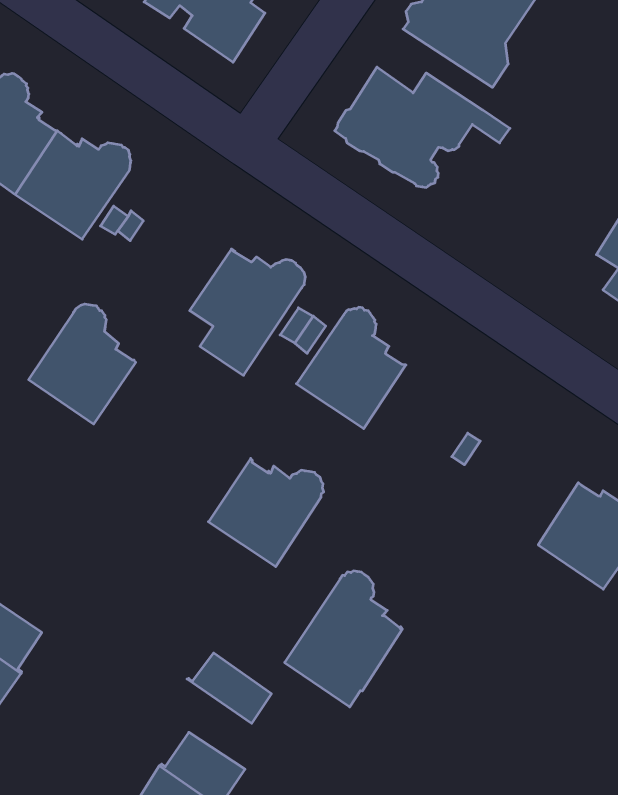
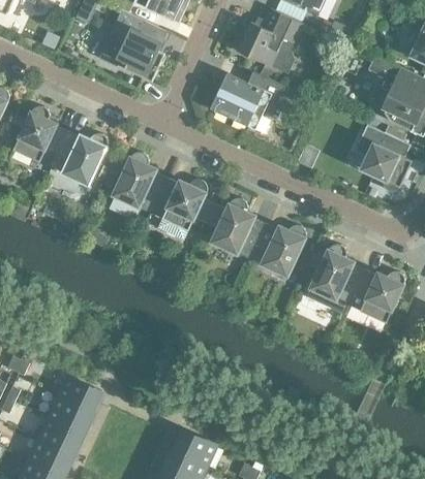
building: [29,304,136,424] -> [113,152,166,213]
building: [208,458,324,567] -> [249,223,306,277]
building: [285,571,402,707] -> [306,244,364,314]
building: [187,653,271,723] -> none

